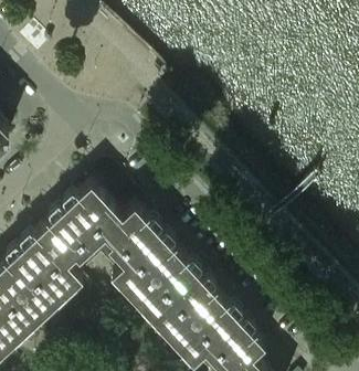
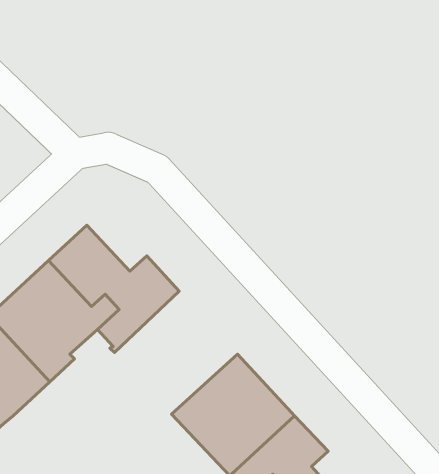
building: [112,234,200,322] -> none

